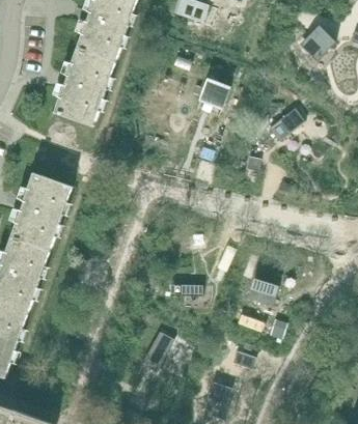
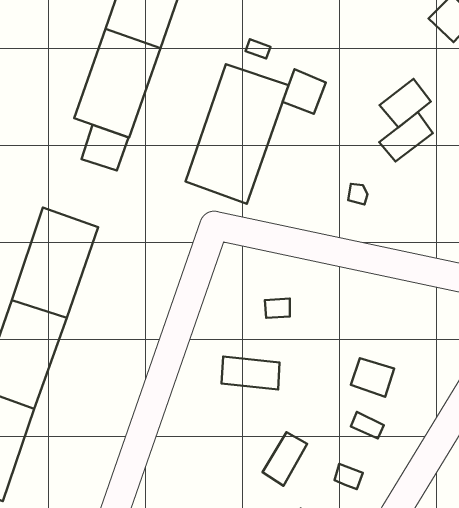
building: none -> [185,64,288,204]
building: none -> [380,79,431,127]
building: none -> [82,125,129,170]
building: [142,331,173,368] -> [263,432,307,486]

